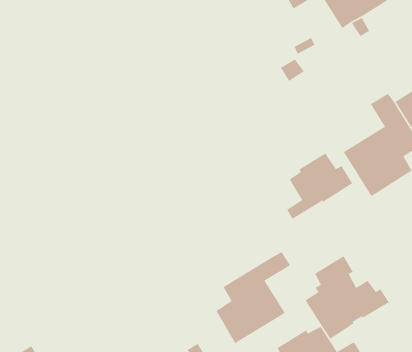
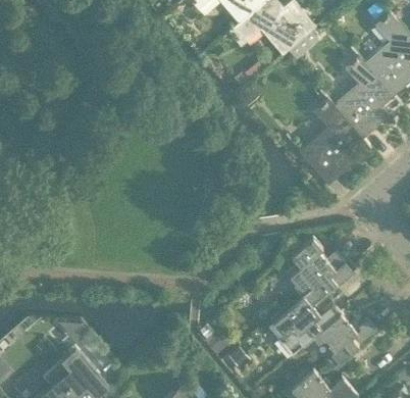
building: [286,152,353,220] -> none
building: [215,251,291,344] -> none

